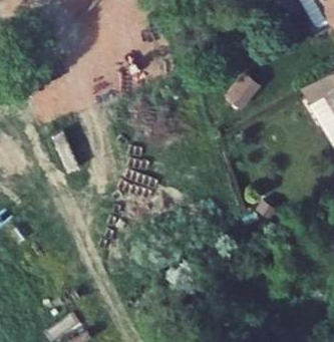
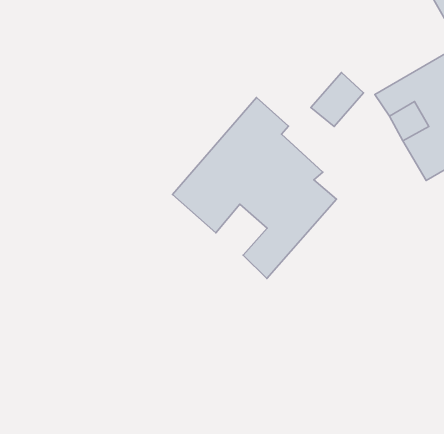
building: none -> [173,98,336,279]

